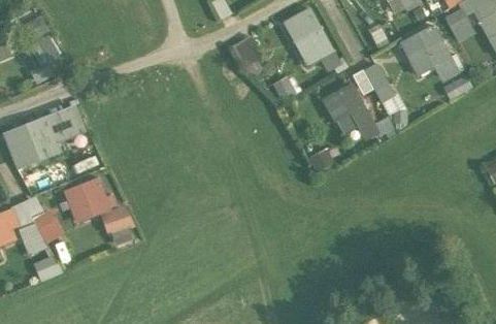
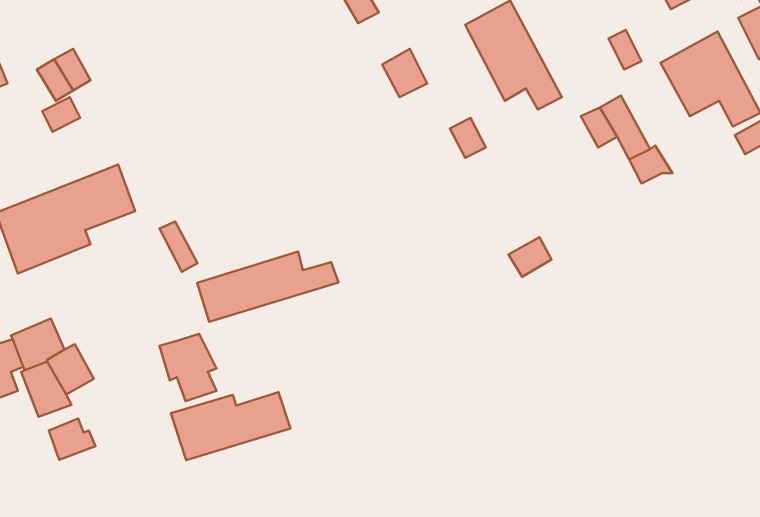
building: [322,83,379,140] -> none
building: none -> [197,251,338,322]
building: [63,177,110,222] -> none
building: none -> [171,392,290,460]

